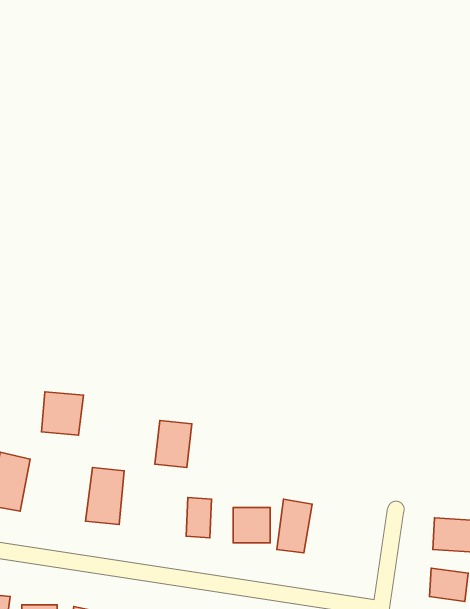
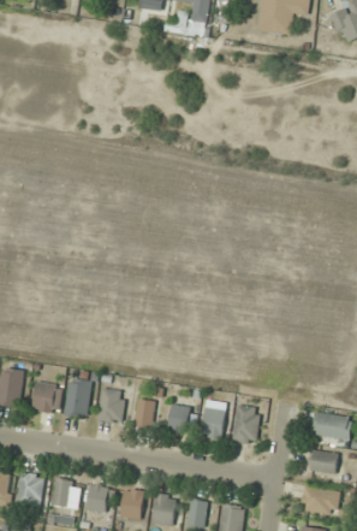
building: [42,392,83,435] -> [32,382,63,413]
building: [155,420,192,467] -> [99,389,125,423]
building: none -> [232,406,260,444]

